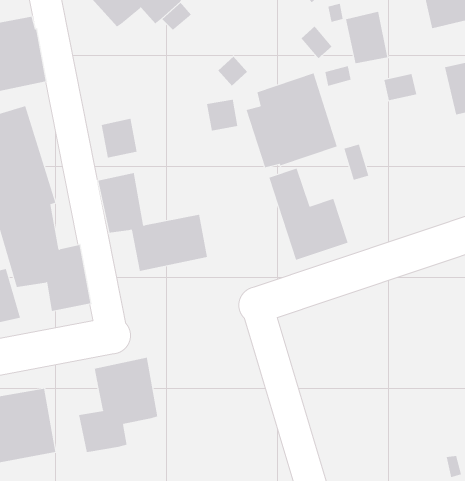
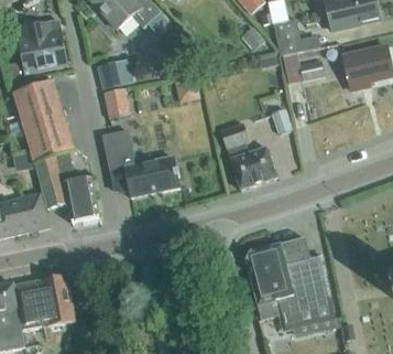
building: none -> [97,58,132,88]
building: [246,72,337,168] -> none
building: none -> [245,236,335,330]
building: [78,357,158,453] -> none

